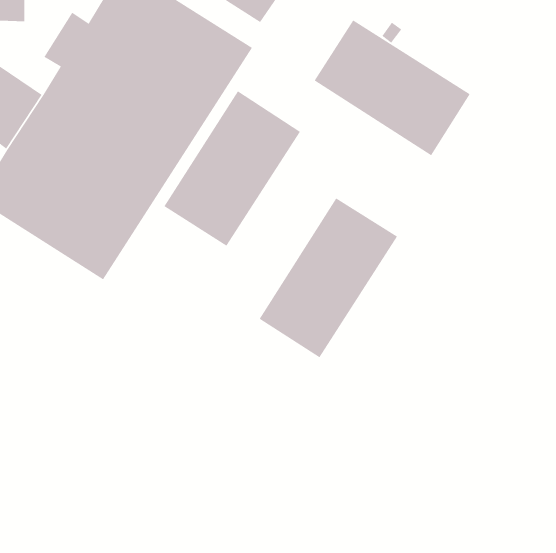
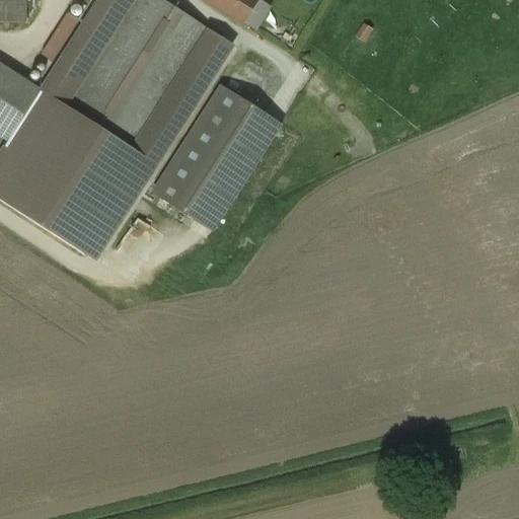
building: [314,19,470,156] -> none
building: [259,198,398,358] -> none

